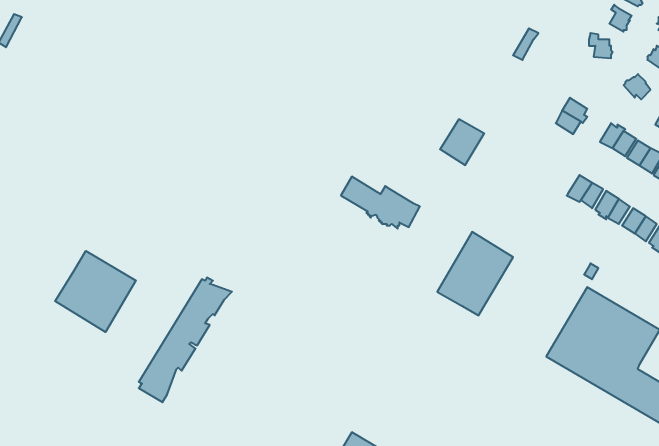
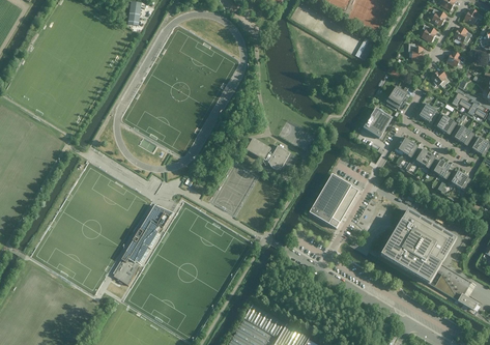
building: [440,119,484,165] -> [362,108,391,138]
building: [55,251,136,332] -> none

